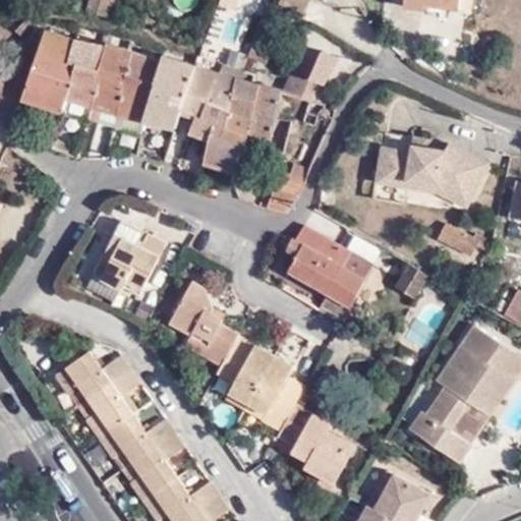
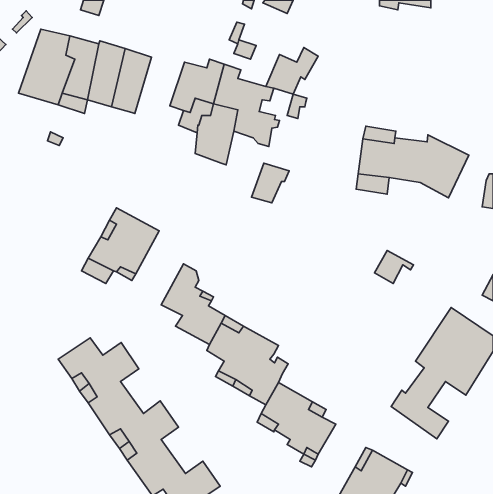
building: [141,56,193,130] -> none
building: [433,225,490,257] -> none
building: [283,227,369,306] -> none

